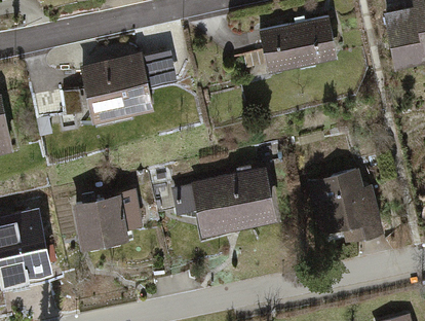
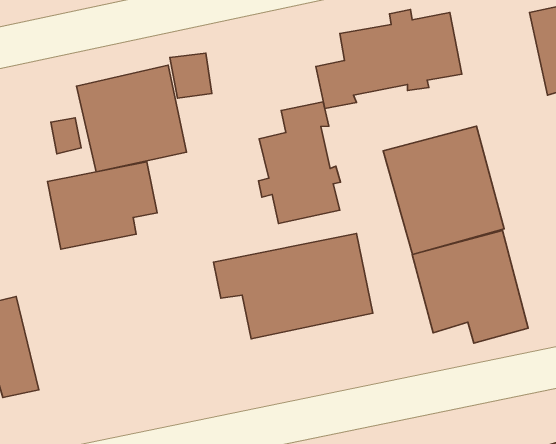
building: none -> [259,102,341,223]
building: none -> [383,126,504,254]
building: [73,190,148,250] -> [47,162,157,249]

